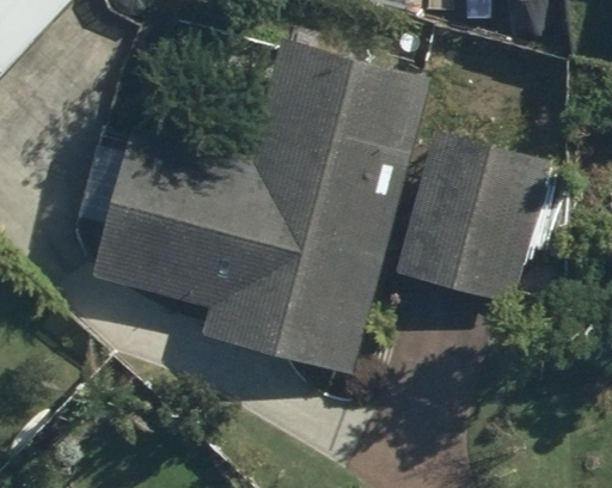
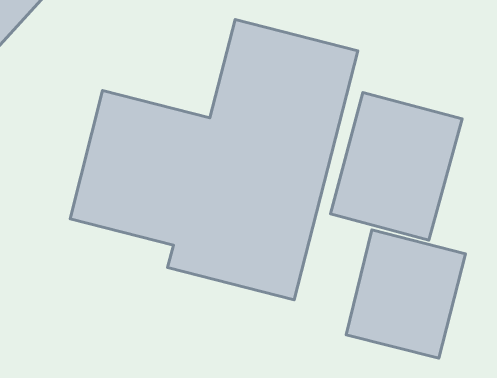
building: none -> [346,230,465,358]

